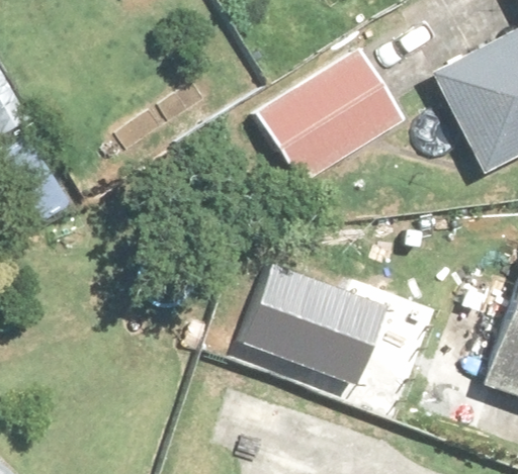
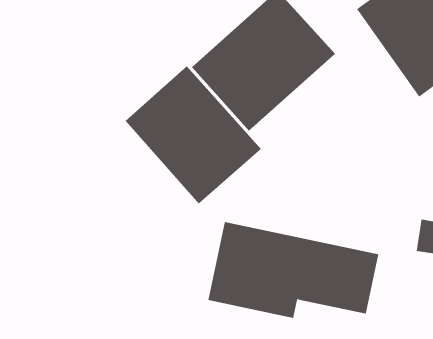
building: none -> [125,65,262,205]

